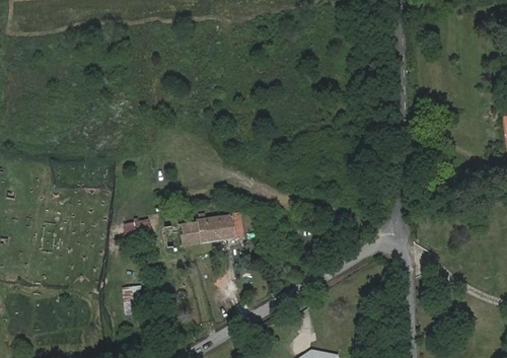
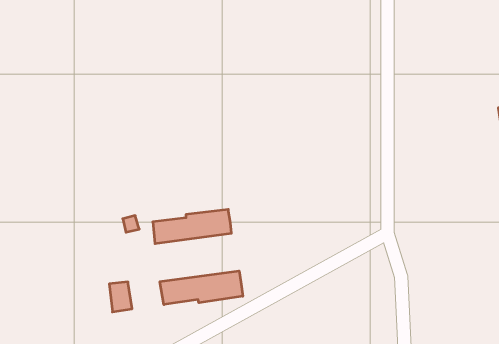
building: none -> [160,271,243,305]

